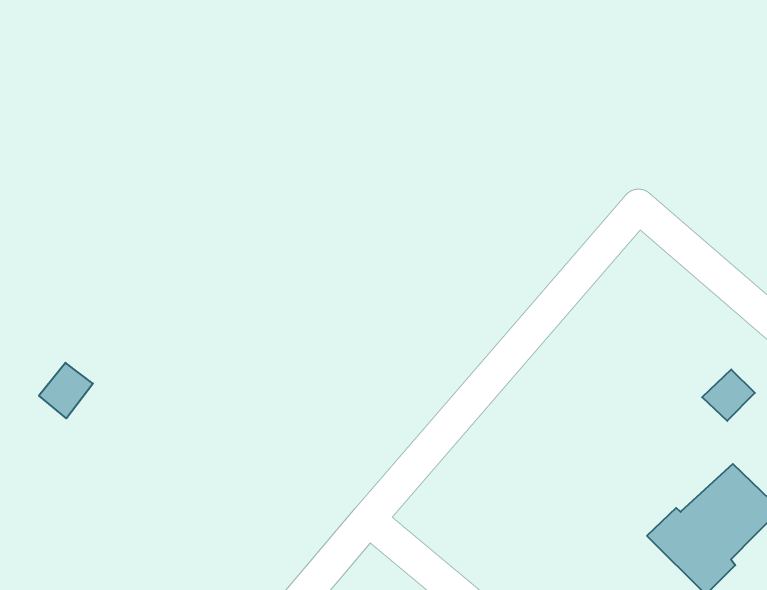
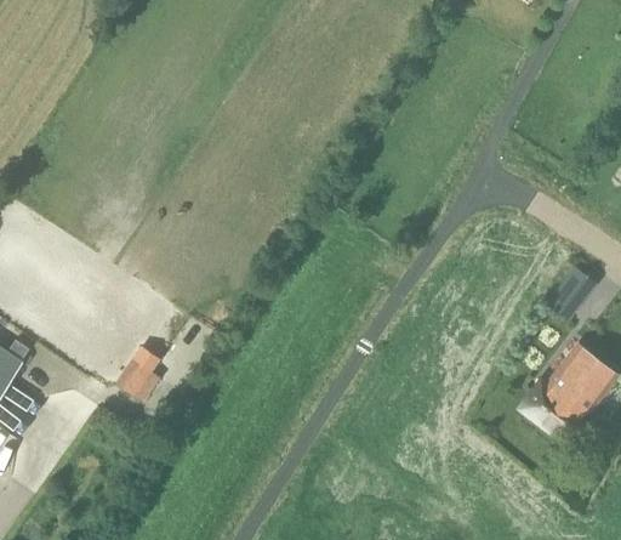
building: [39,363,93,418] -> [119,348,156,388]

